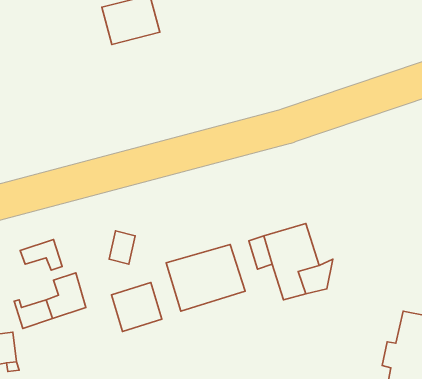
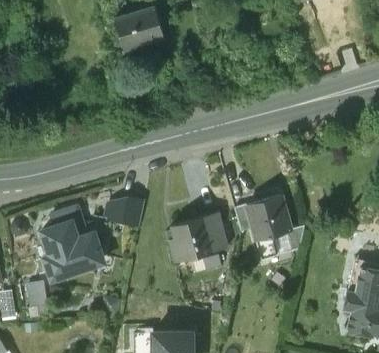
building: none -> [40,222,80,262]
building: [111,283,162,331] -> none

